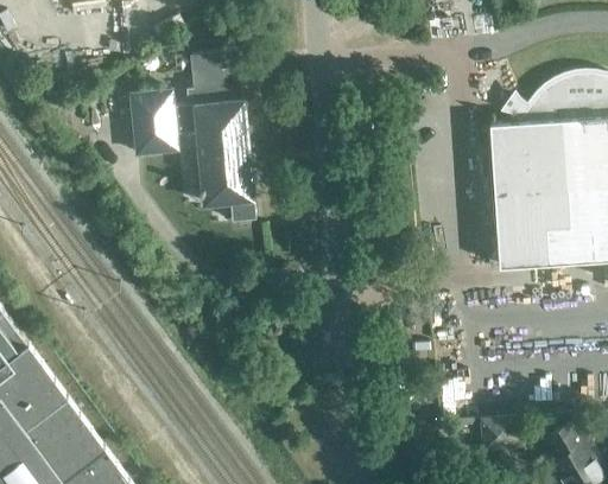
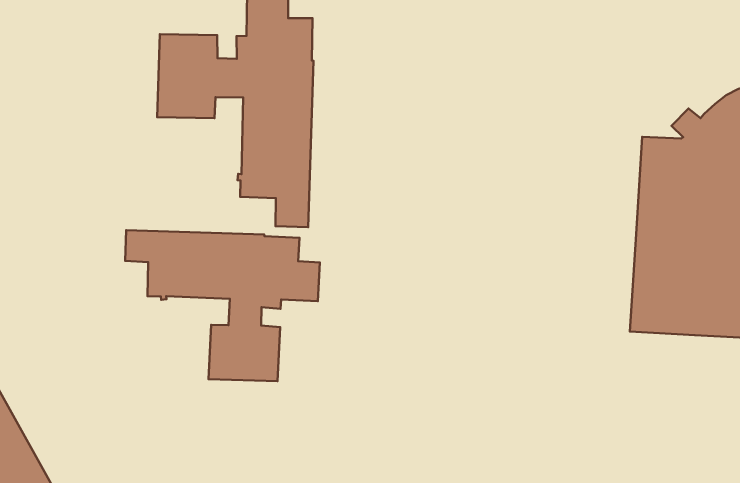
building: none -> [125,230,320,381]

